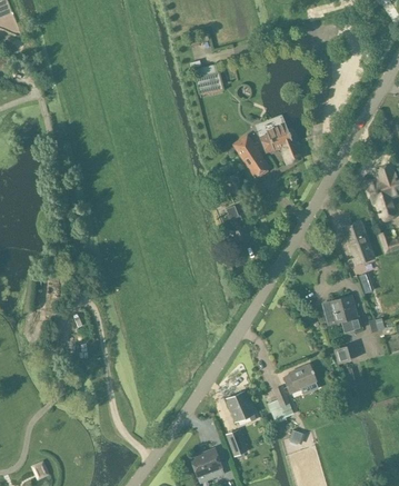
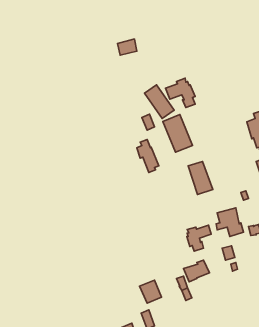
building: none -> [163,115,192,152]
building: [342,221,375,265] -> [188,162,213,194]
building: none -> [187,225,211,251]

